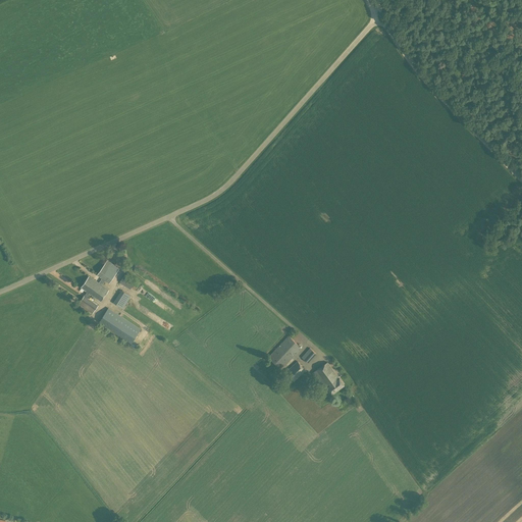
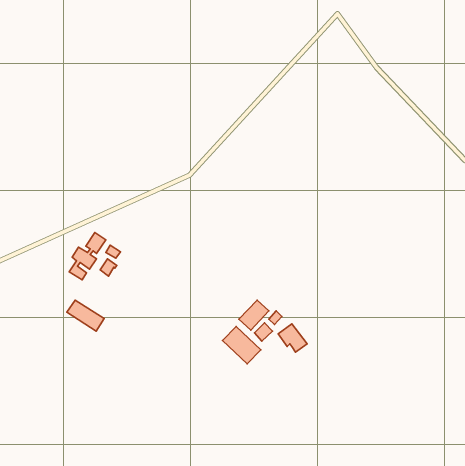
building: [98,308,140,343] -> [67,300,104,331]
building: none -> [222,327,261,364]

